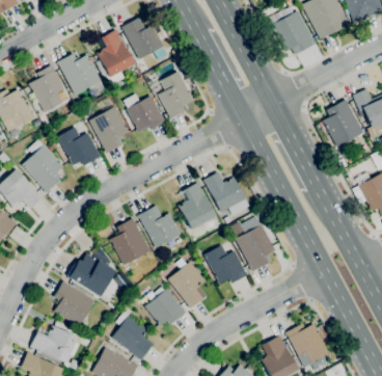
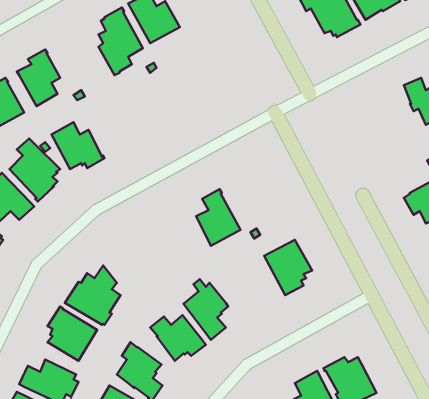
building: [57,53,102,95] -> none
building: [158,71,194,118] -> none
building: [124,93,166,133] -> none
building: [320,99,364,146] -> none
building: [89,106,131,154] -> none
building: [203,171,250,215] -> none
building: [138,208,181,247] -> none
building: [110,217,151,265] -> none
building: [204,244,248,284] -> none

